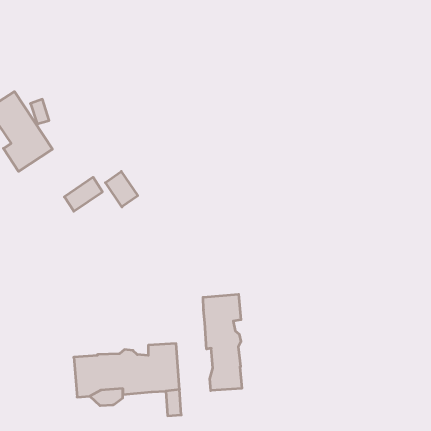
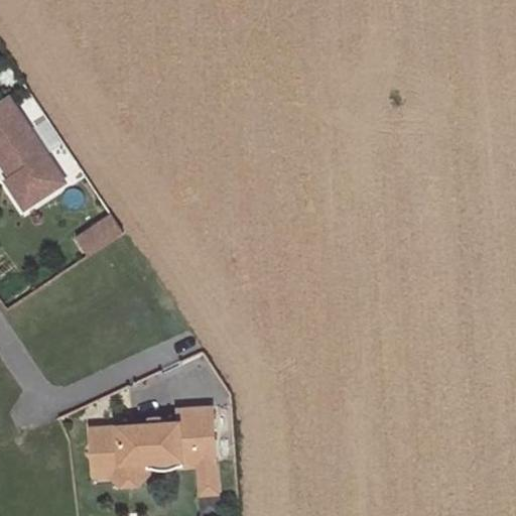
building: [105,171,138,207] -> none
building: [203,294,242,391] -> none

